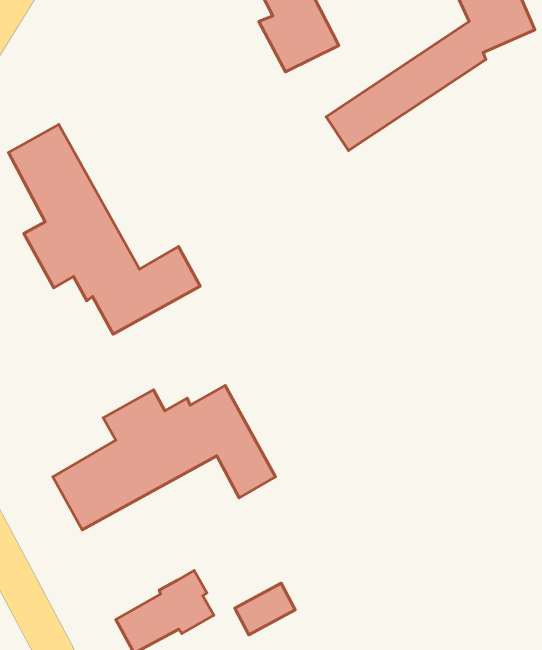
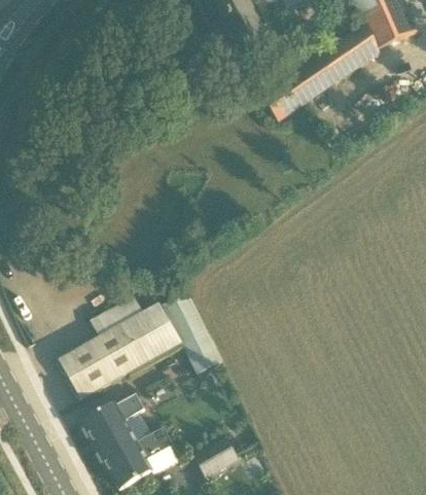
building: [8,124,200,334] -> none
building: none -> [81,393,144,464]

